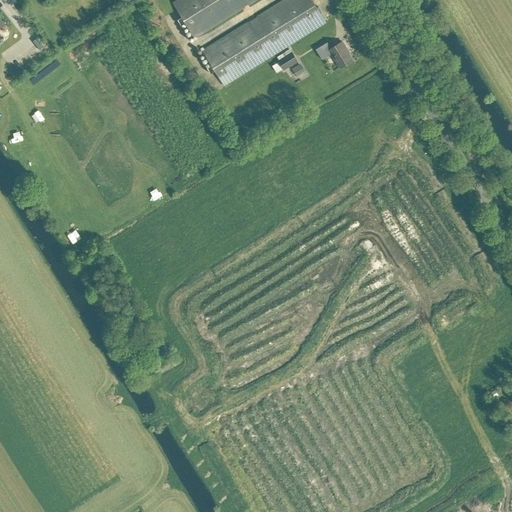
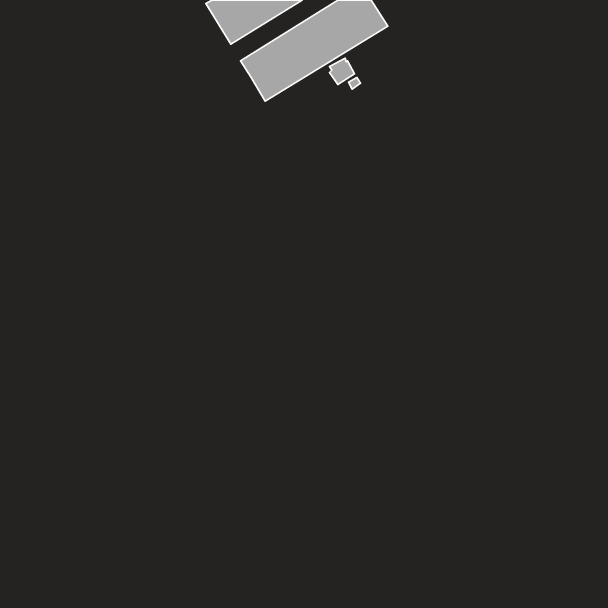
building: [316,42,352,68] -> none

